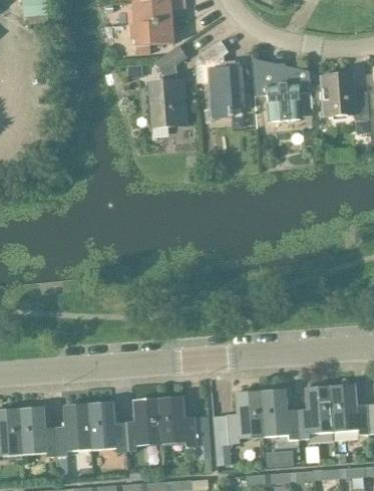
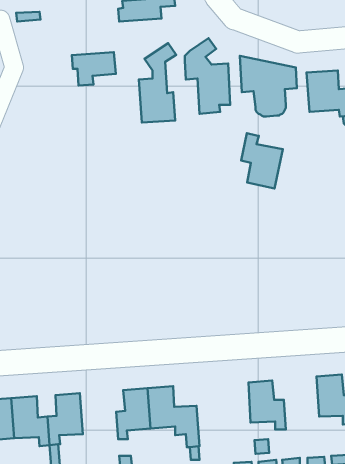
building: [129,20,174,54] -> [72,52,116,85]
building: none -> [241,133,283,188]
building: [298,387,334,441] -> none
building: [214,393,264,465] -> none
building: [89,402,128,452] -> none

